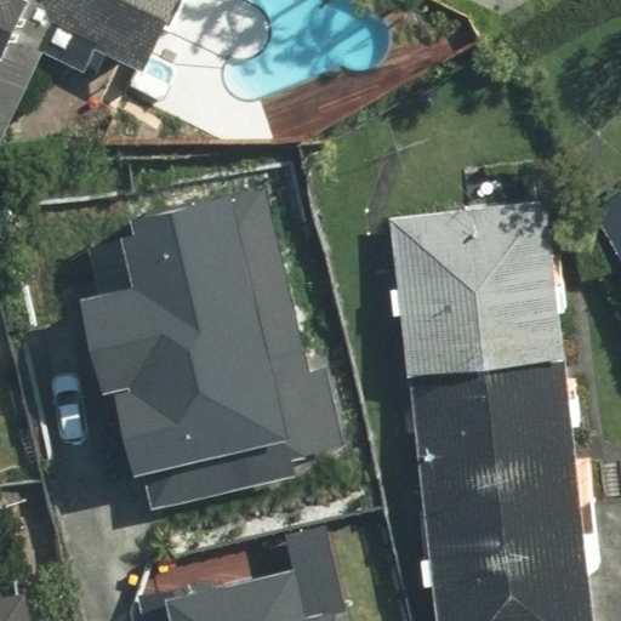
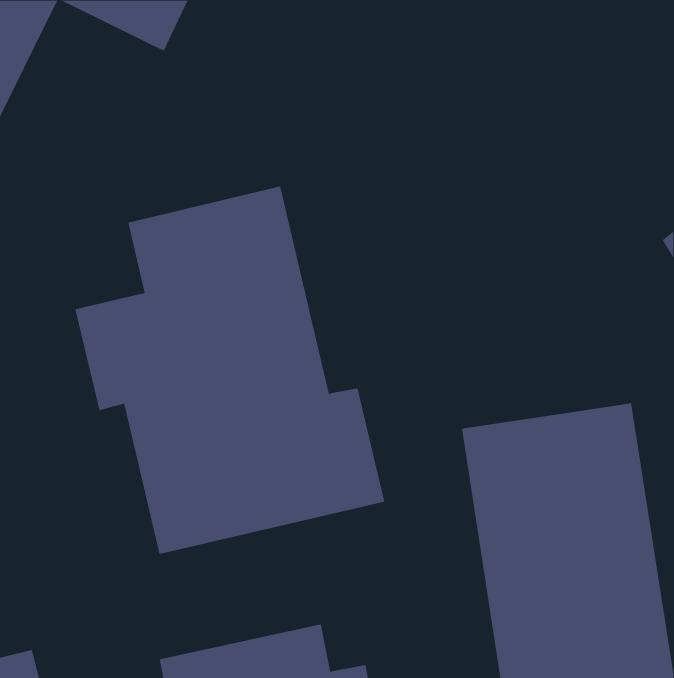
building: [393,200,564,374] -> none

